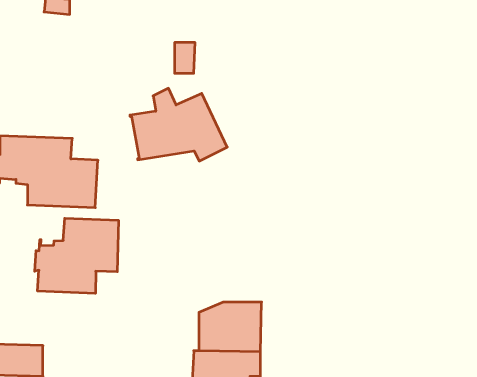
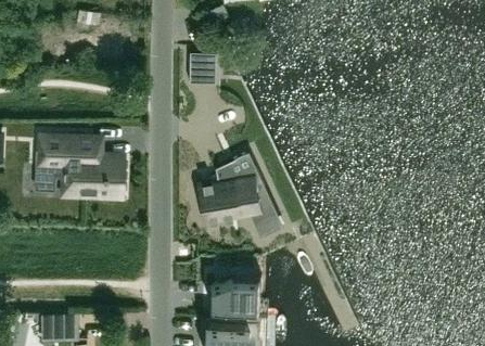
building: [130,88,227,161] -> [195,159,278,221]
building: [35,218,118,293] -> none

